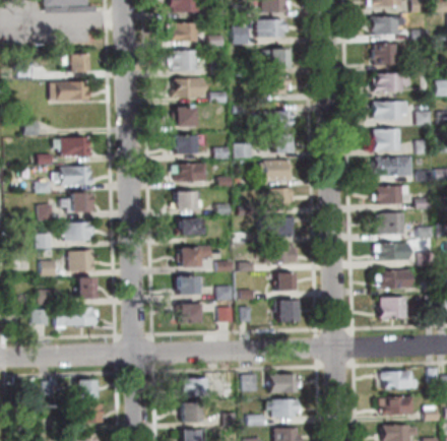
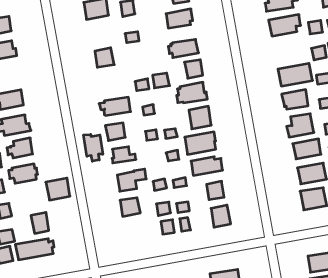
building: [175,79,205,98] -> none
building: [377,129,403,151] -> none
building: [177,136,197,154] -> none
building: none -> [84,134,103,161]
building: [70,251,94,272] -> [46,178,70,200]
building: [181,305,204,323] -> none

